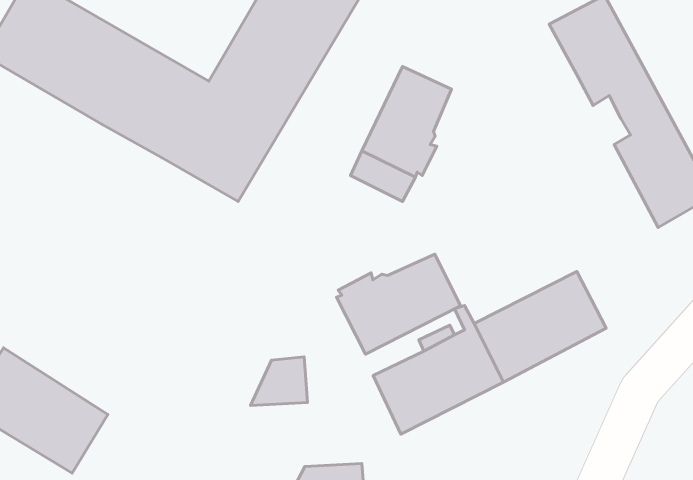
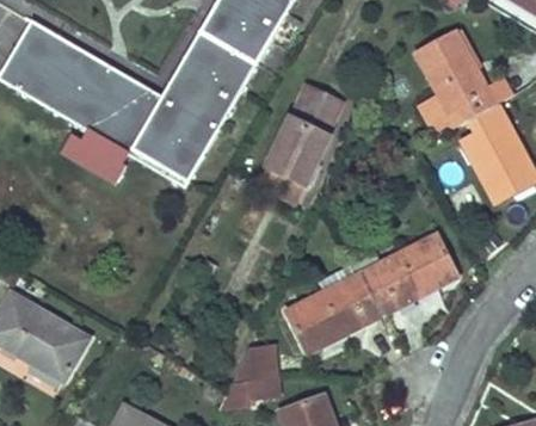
building: none -> [417,92,467,138]
building: none -> [61,126,130,181]
building: [336,254,460,354] -> none
building: [250,357,307,406] -> [235,341,277,377]

